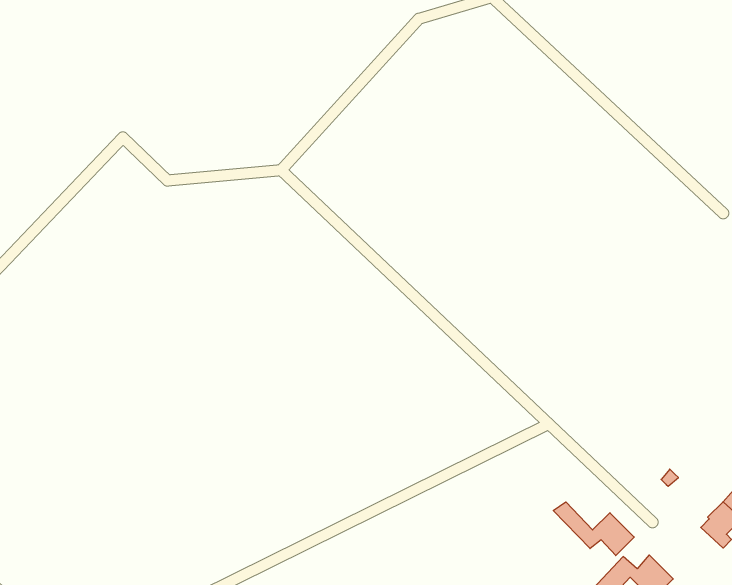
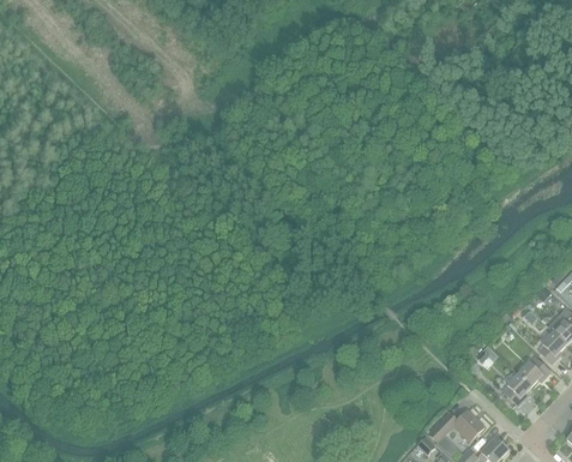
building: [553,502,634,556] -> none

